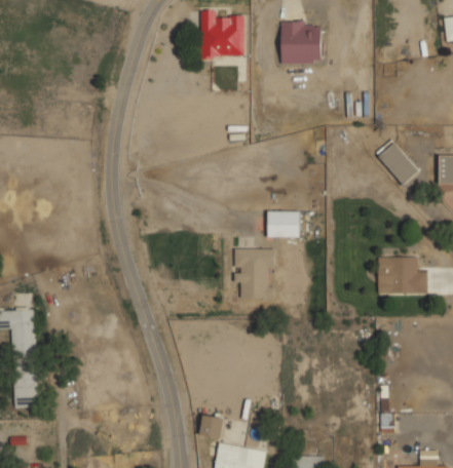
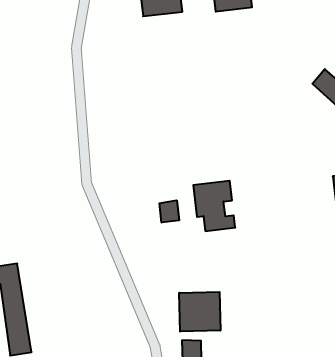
building: [267,210,300,238] -> none
building: none -> [159,200,179,223]
building: none -> [179,292,220,332]

